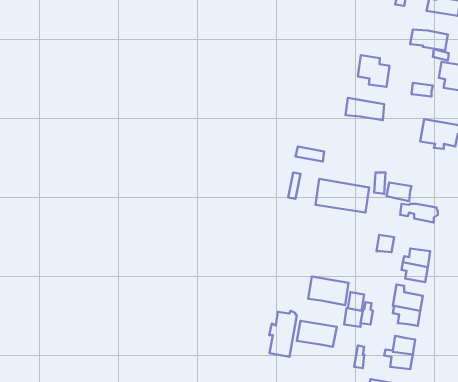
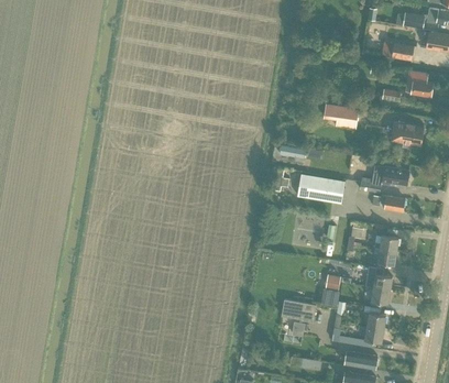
building: [358,55,390,87] -> none
building: none -> [376,165,410,185]
building: [308,277,349,305] -> none
building: [269,311,297,357] -> none

